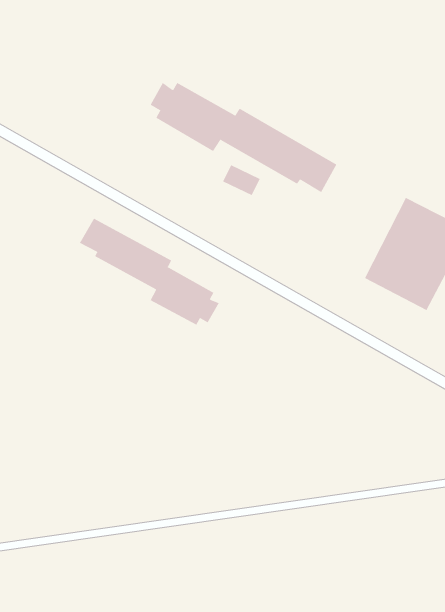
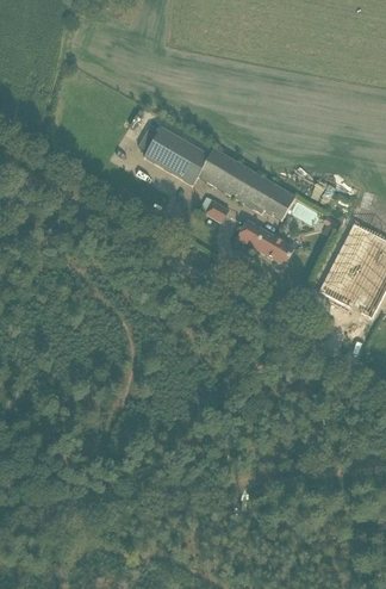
building: none -> [237,221,294,266]
building: [79,218,219,326] -> none

